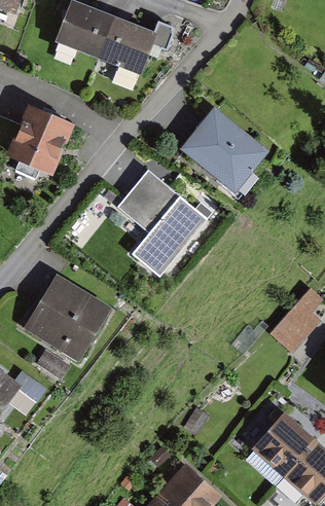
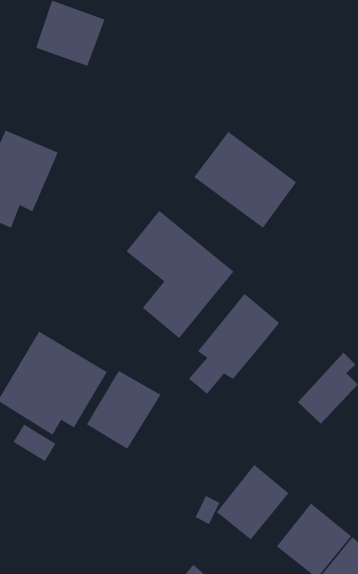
building: [98,16,174,86] -> none
building: none -> [188,293,280,395]
building: none -> [86,370,161,450]
building: none -> [216,464,289,540]

